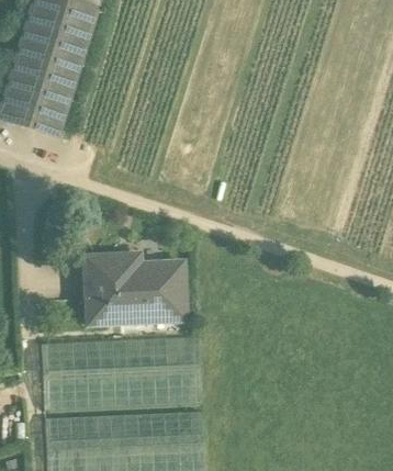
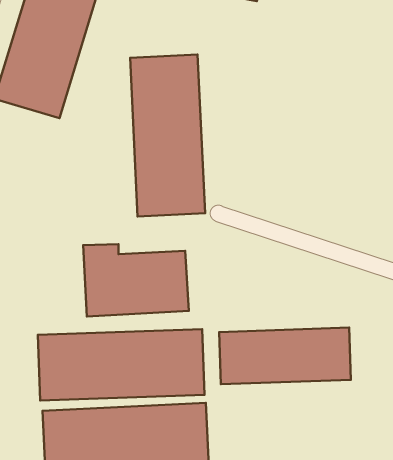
building: none -> [130,55,205,217]
building: none -> [219,328,351,384]

